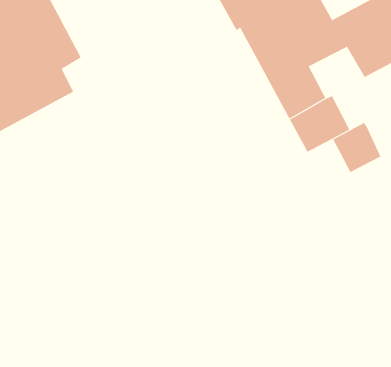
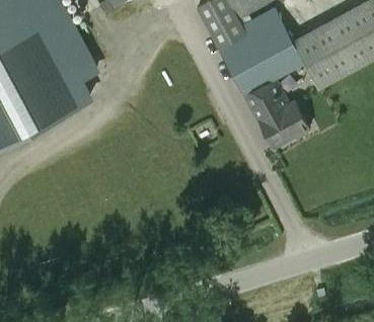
building: [333,122,381,173] -> none

